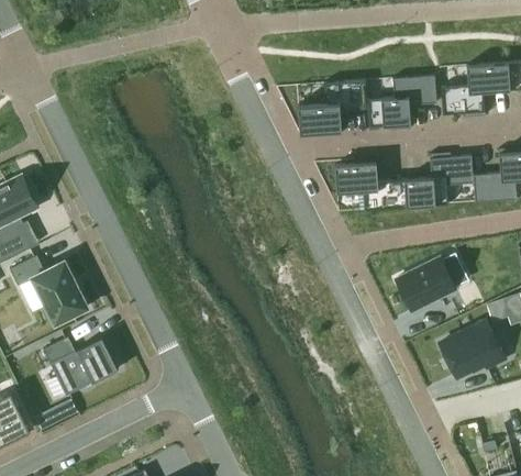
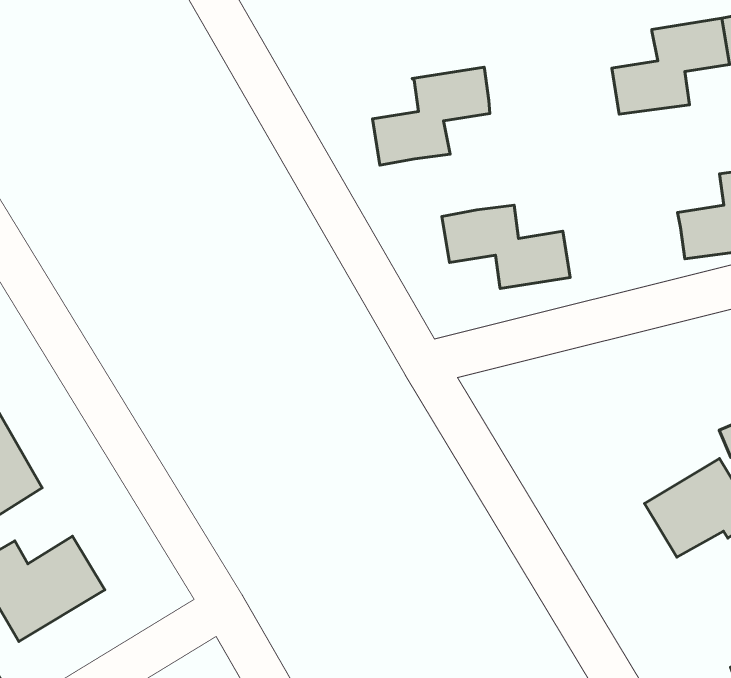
building: [367,76,436,128] -> none
building: [404,156,474,208] -> none
building: [396,257,456,311] -> none

